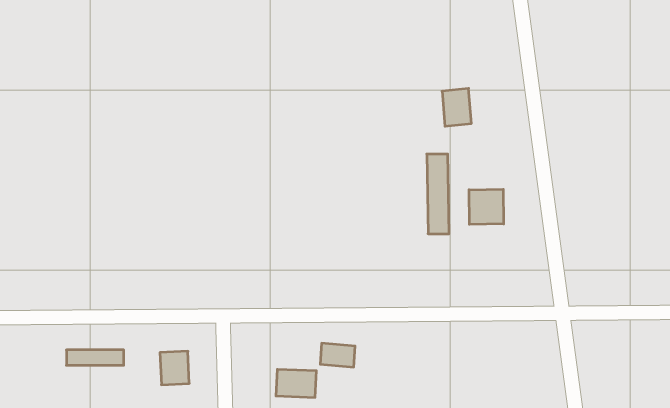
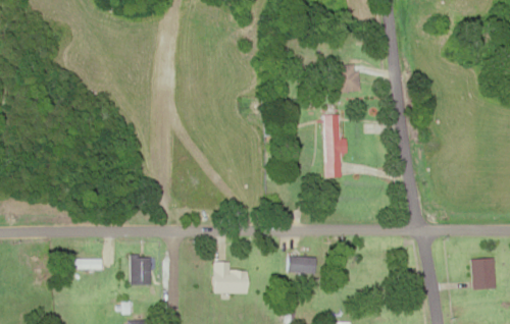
building: [469,189,504,224] -> none
building: [320,343,355,367] -> [288,256,313,273]
building: none -> [472,259,495,289]

